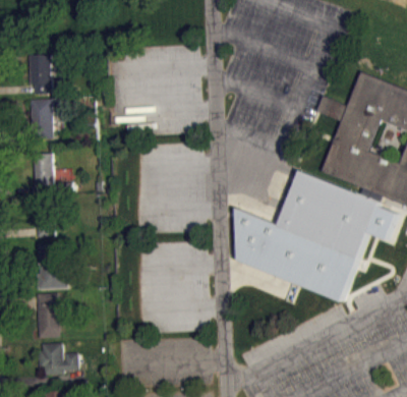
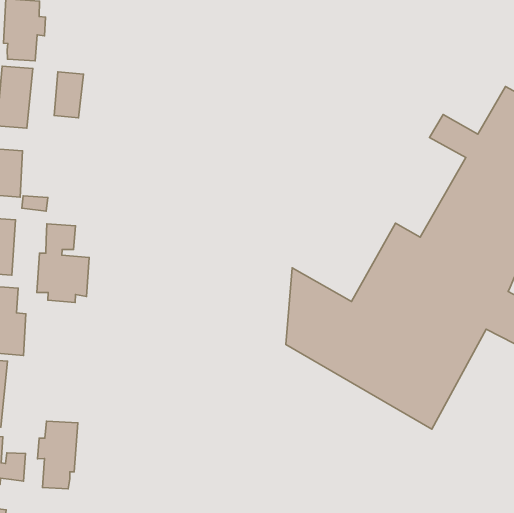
building: none -> [54,72,83,118]
building: none -> [37,224,89,302]
building: none -> [37,421,78,489]

